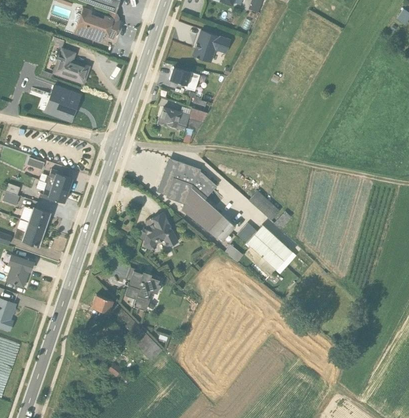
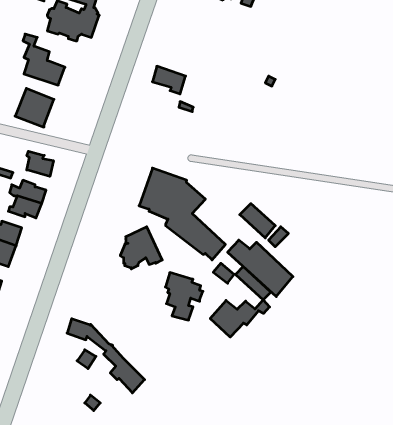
building: [191,30,231,63] -> none
building: [160,107,207,142] -> none
building: none -> [27,151,53,176]
building: [126,267,160,310] -> [165,273,203,320]
building: none -> [210,300,270,337]

